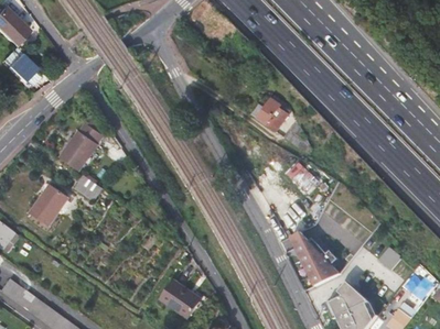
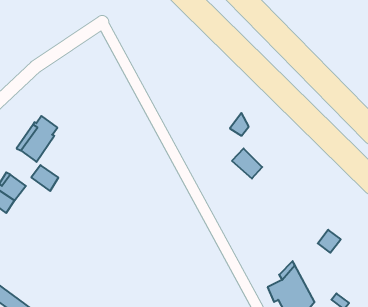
building: [251,98,289,131] -> none
building: [290,233,339,286] -> none
building: [160,279,200,317] -> none

